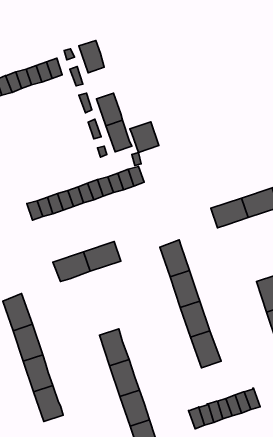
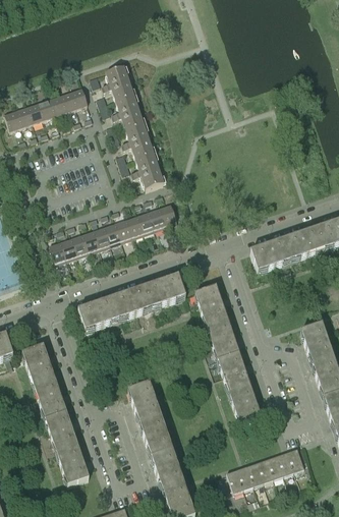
building: none -> [116,95,144,129]
building: [130,122,159,153] -> none
building: none -> [145,275,185,307]

